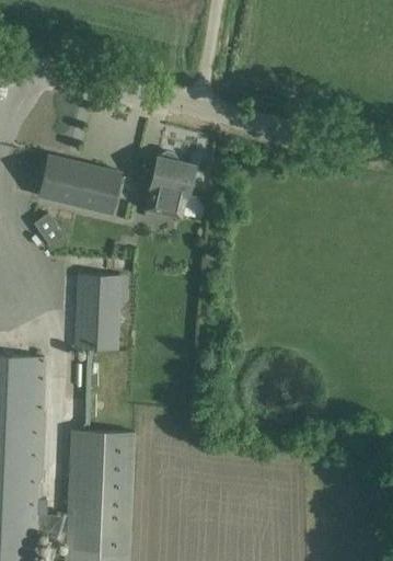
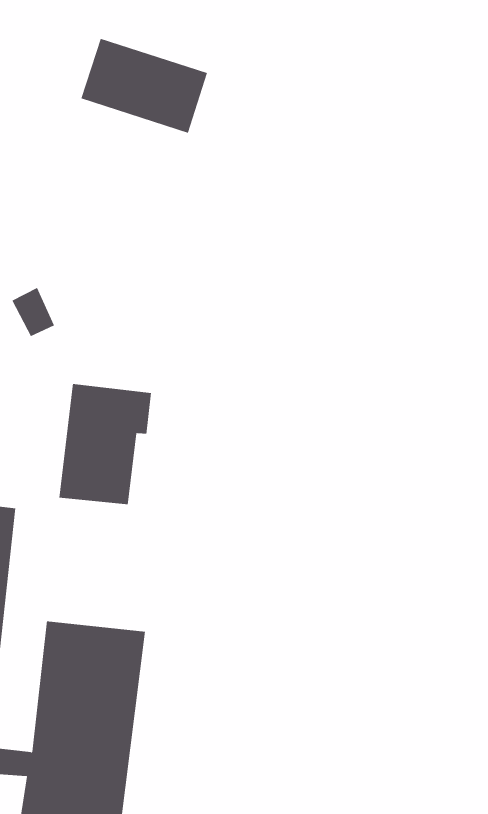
building: [145,153,194,220] -> none
building: [38,157,120,215] -> [81,38,208,133]

